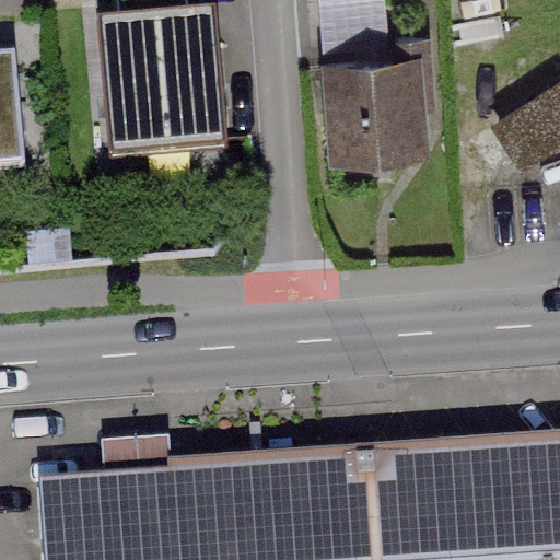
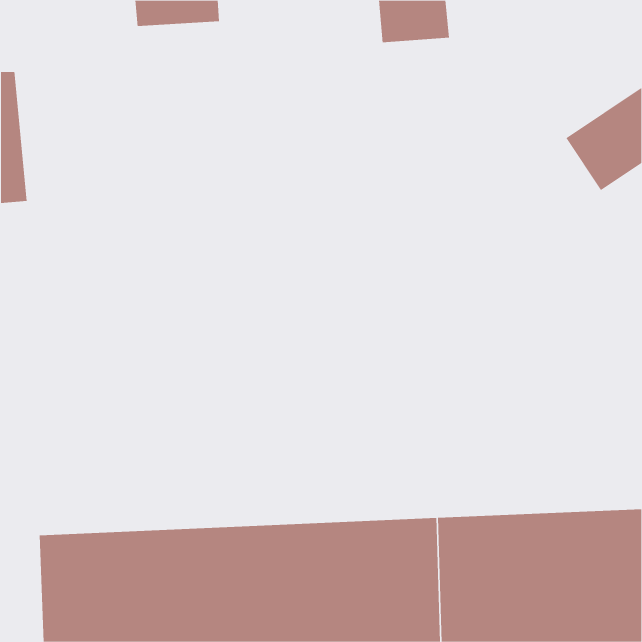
building: [102,21,221,159] -> none
building: [325,50,432,156] -> none

